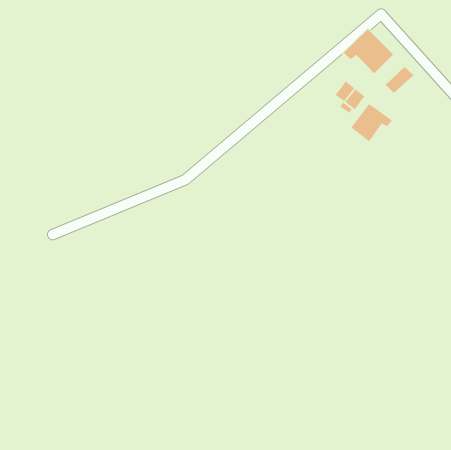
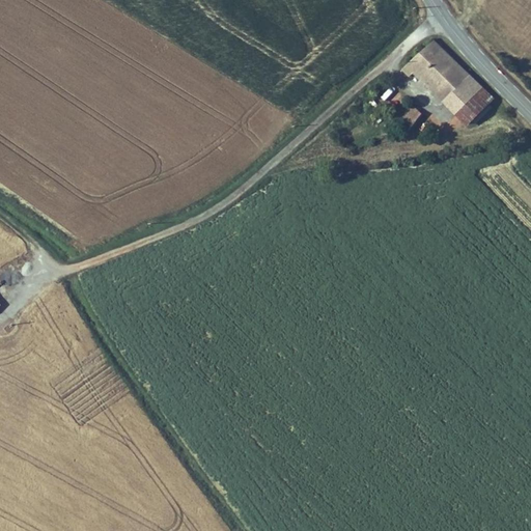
building: none -> [441,72,476,107]
building: [350,103,393,142] -> none

